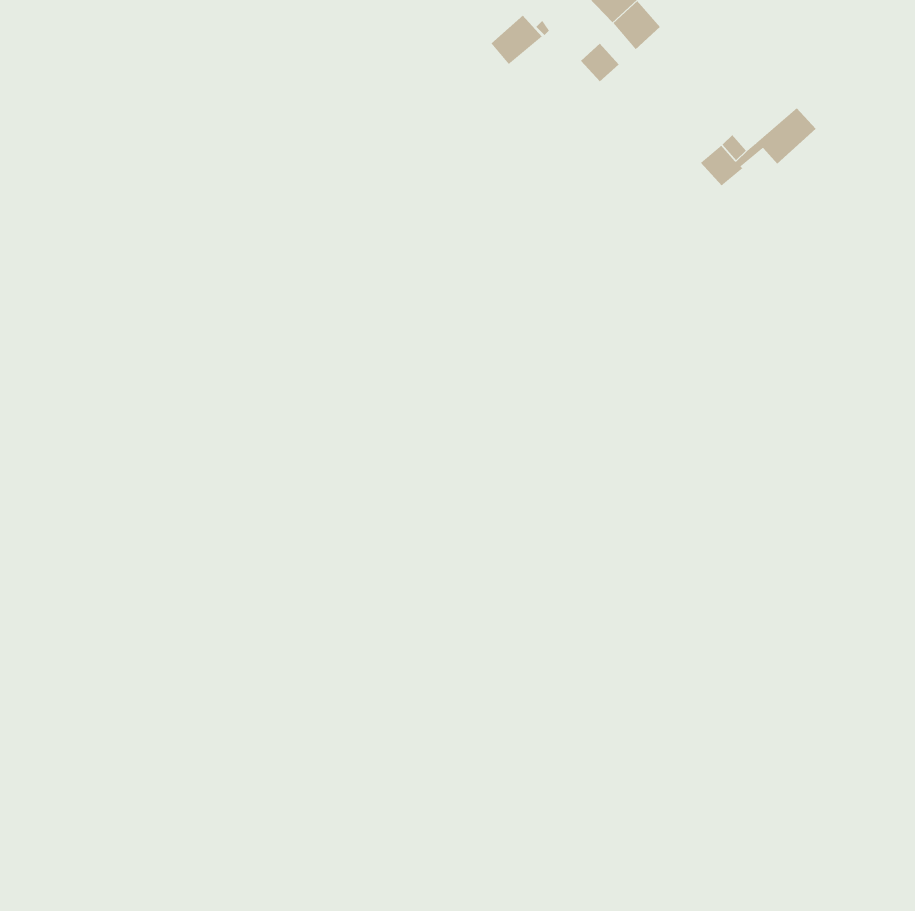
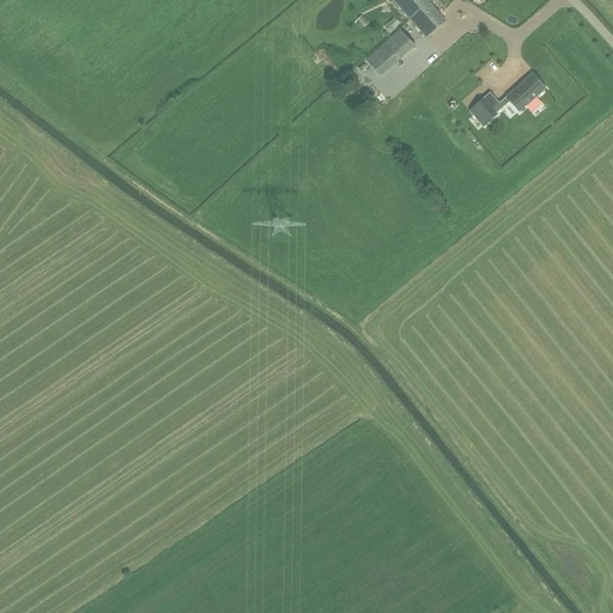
building: [491,15,543,65] -> [366,41,401,74]

